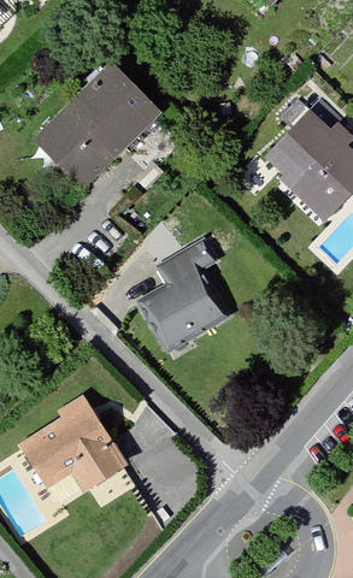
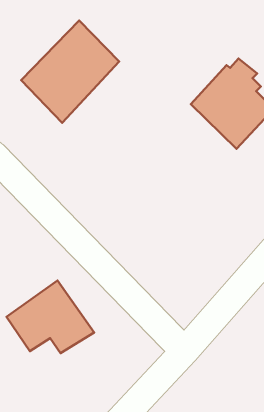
building: [136,241,223,353] -> none

